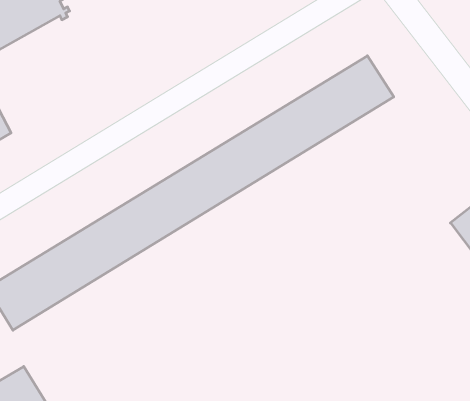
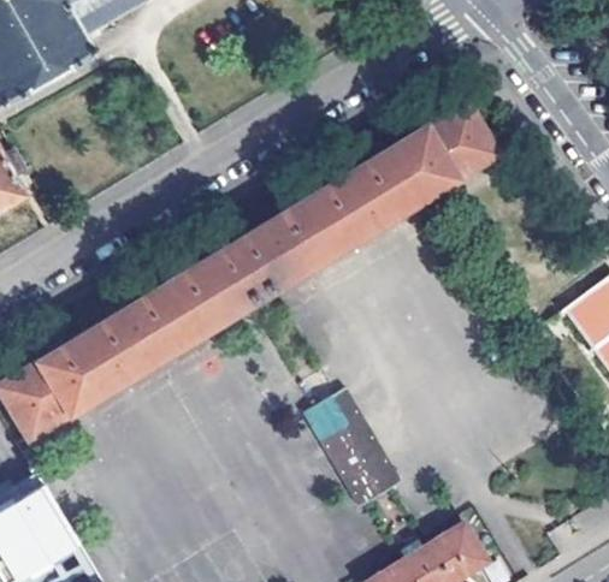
building: none -> [301,391,403,511]

